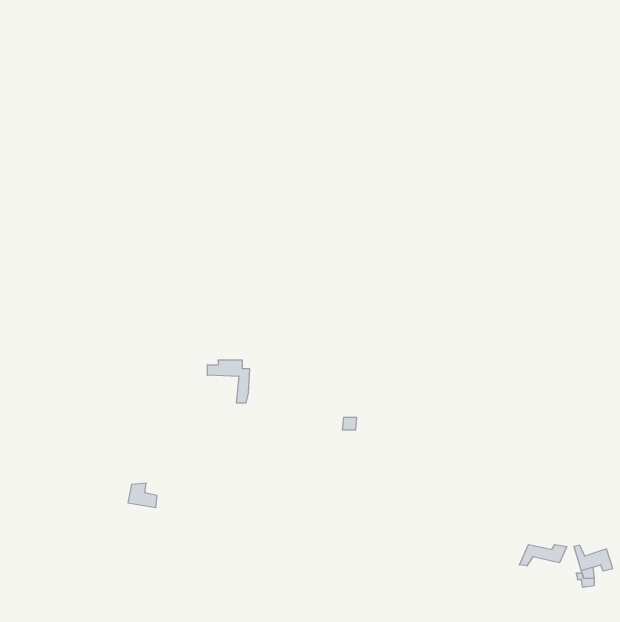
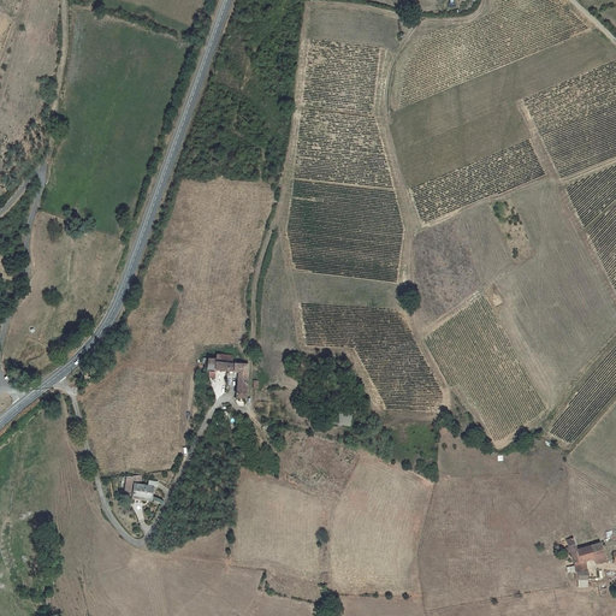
building: [519,544,567,566] -> none

